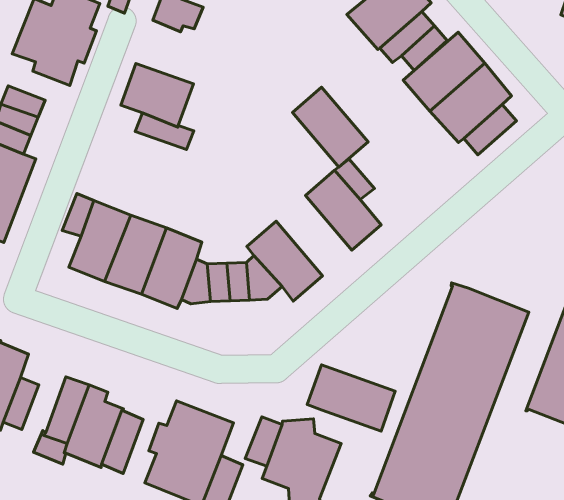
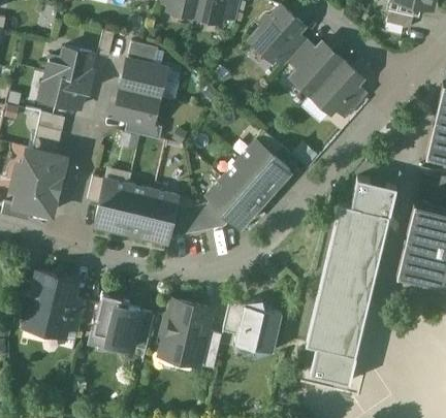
building: none -> [120,61,165,98]
building: [292,87,368,167] -> [222,160,273,210]
building: none -> [350,178,396,216]
building: [307,365,395,431] -> none

